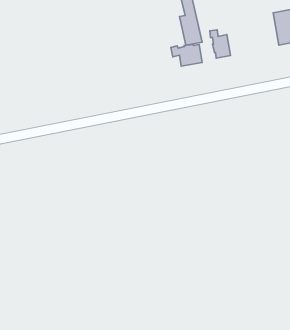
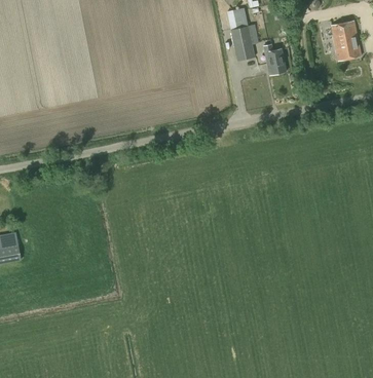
building: [171,44,202,66] -> none

